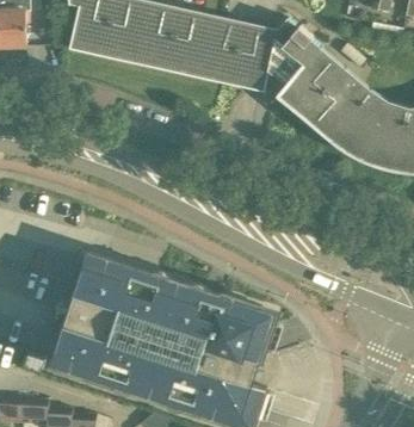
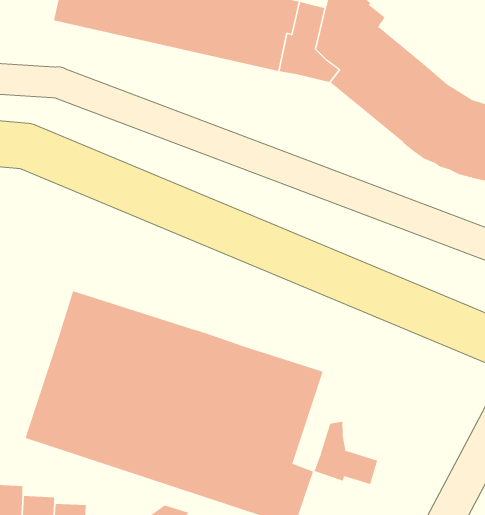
building: none -> [314,421,378,485]

